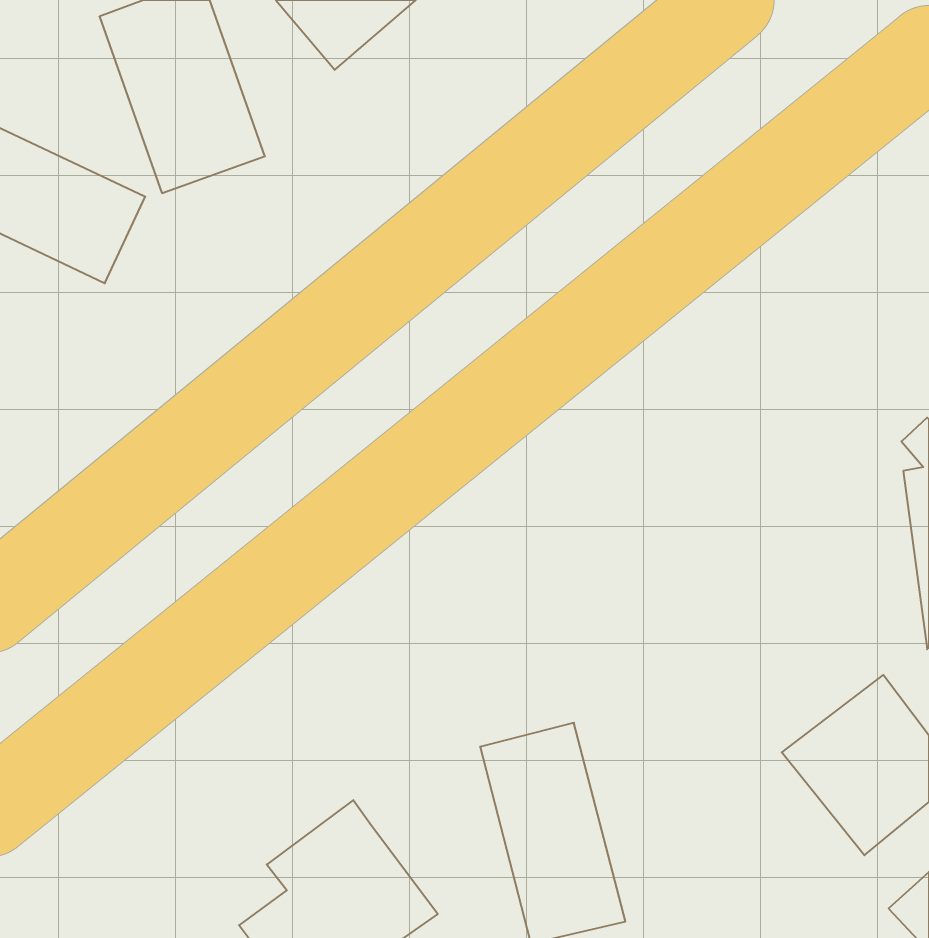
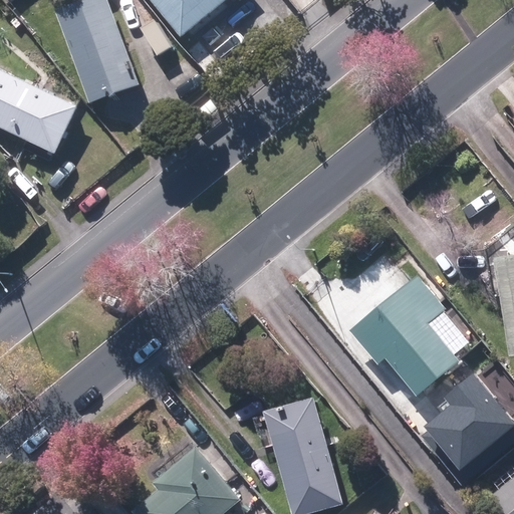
building: none -> [350,273,460,396]

